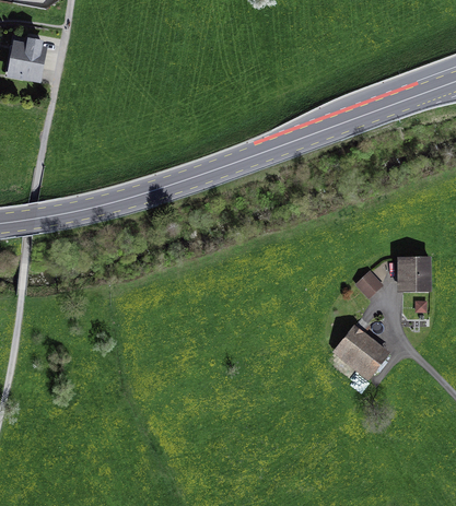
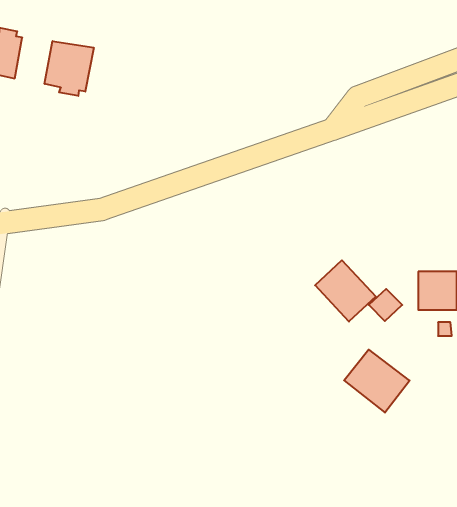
building: none -> [45,41,94,96]
building: none -> [315,260,376,322]

